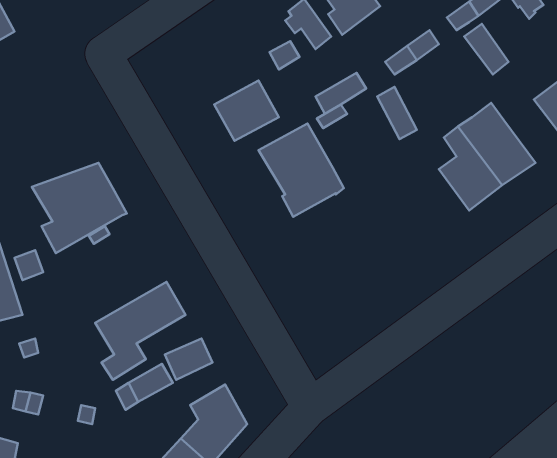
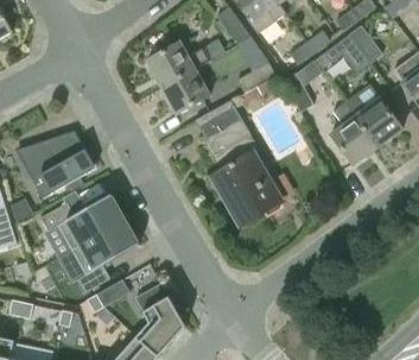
building: none -> [315,34,370,72]
building: none -> [147,42,208,86]
building: none -> [212,152,281,225]
building: none -> [42,194,126,250]

